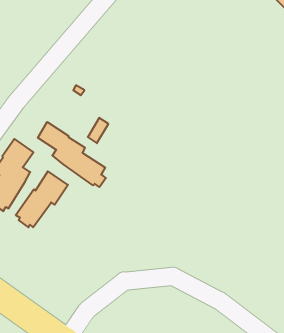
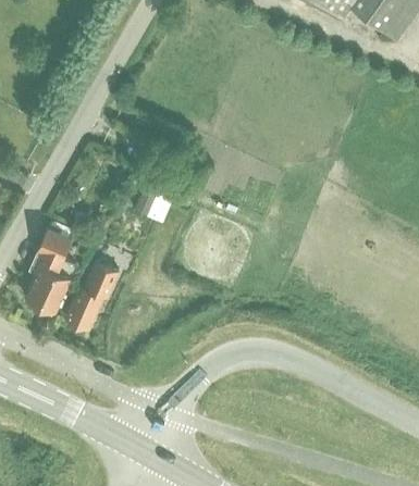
building: [38,122,106,187] -> none

